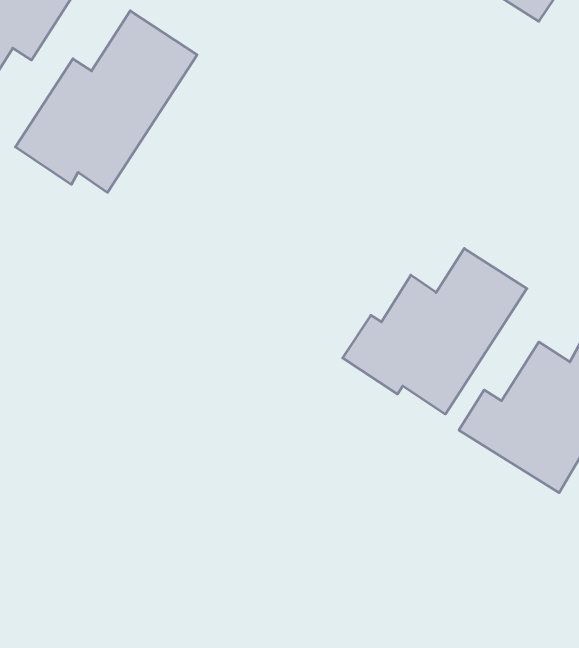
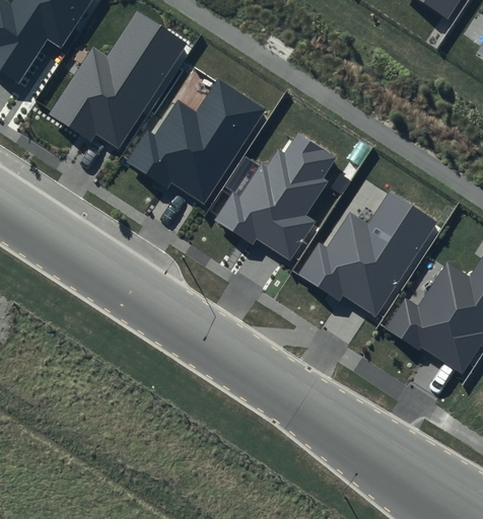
building: none -> [129,77,267,204]
building: none -> [215,133,336,260]

